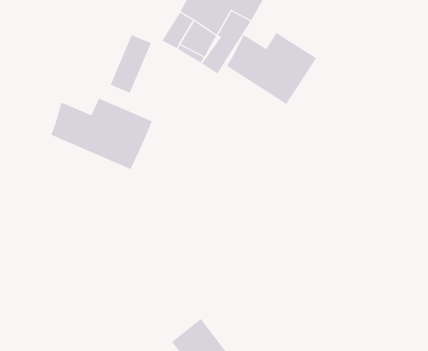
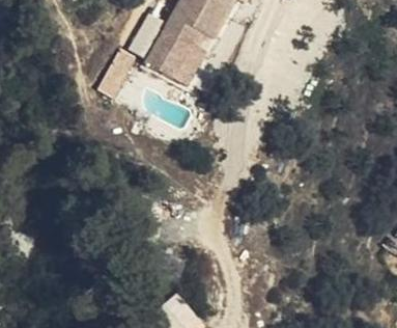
building: [226,32,317,105] -> none
building: [50,98,153,170] -> none

